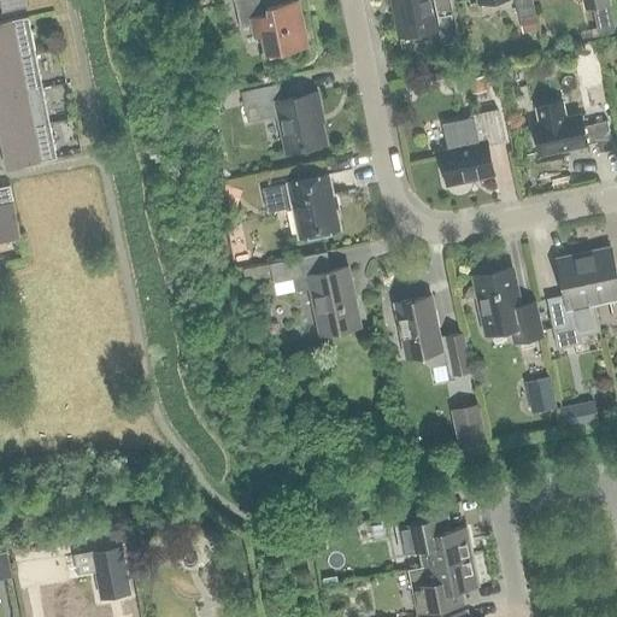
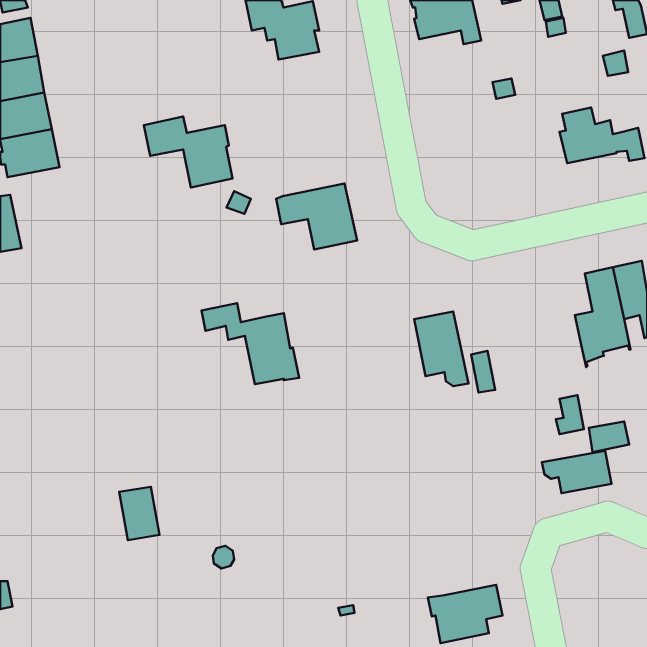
building: [241,84,325,152] -> [144,116,233,187]
building: [440,110,504,184] -> none
building: [270,257,363,334] -> [202,303,299,384]
building: [476,269,542,341] -> none
building: [453,406,486,448] -> none
building: none -> [542,451,611,493]
building: [396,517,472,566] -> none
building: [92,547,130,598] -> [119,487,160,540]

